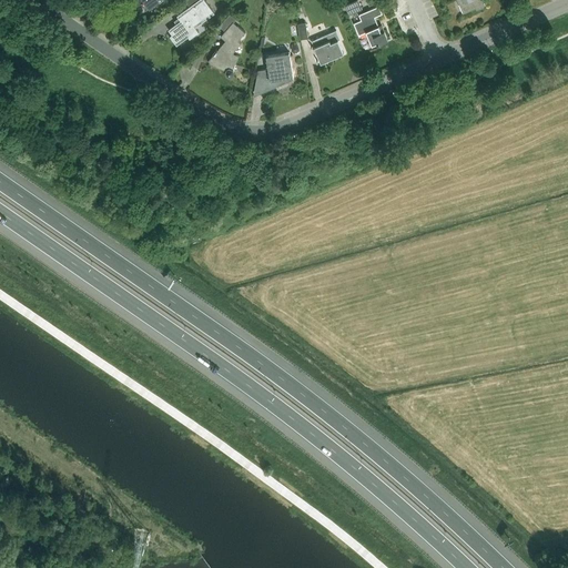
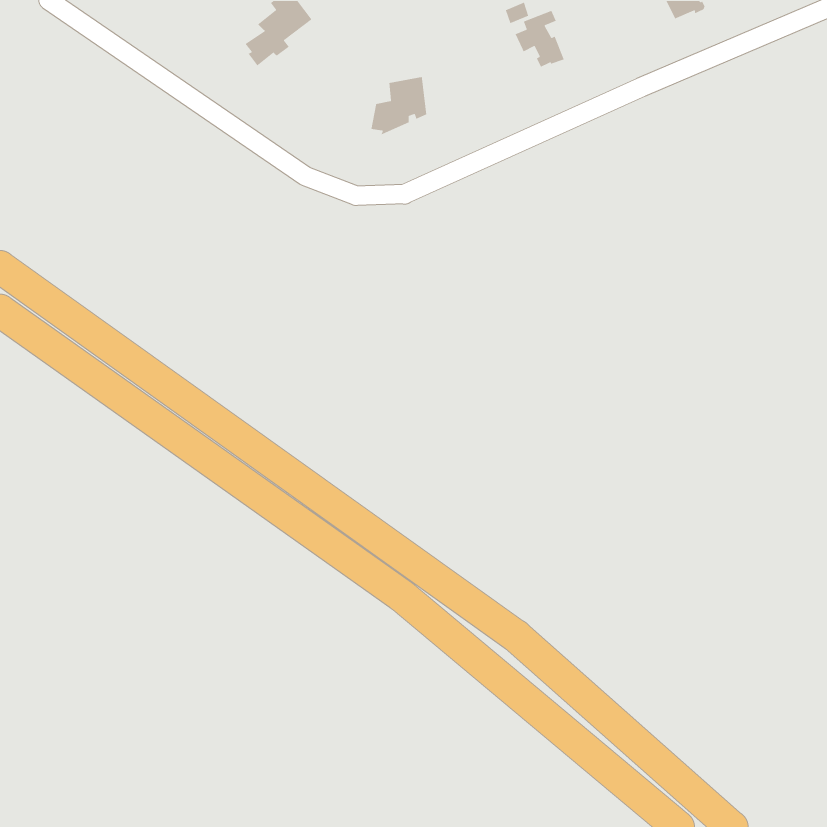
building: [209,14,245,79] -> none
building: [297,23,344,63] -> none

